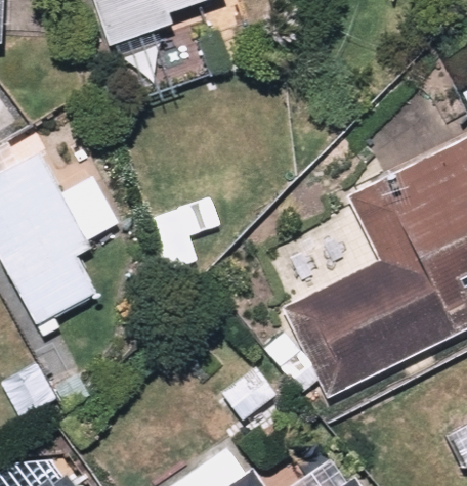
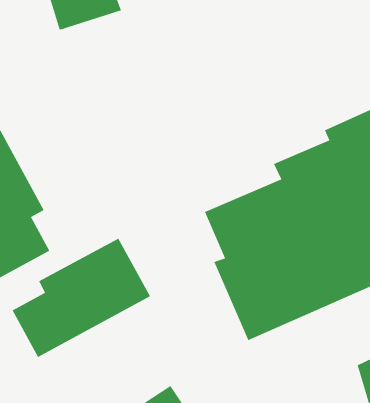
building: none -> [12,238,151,358]

